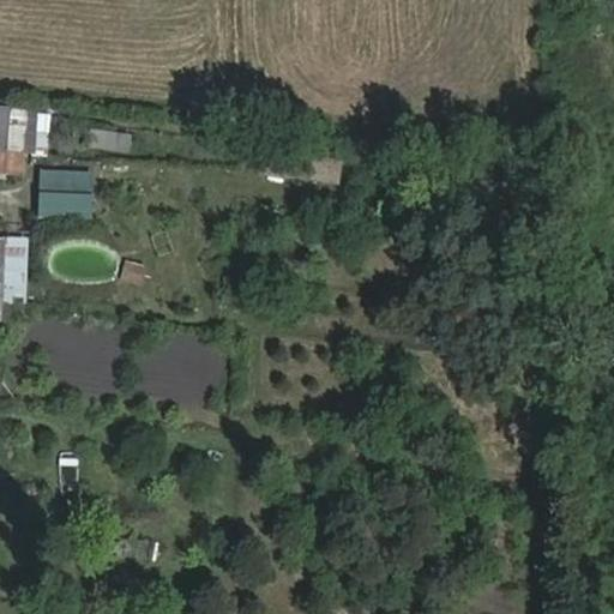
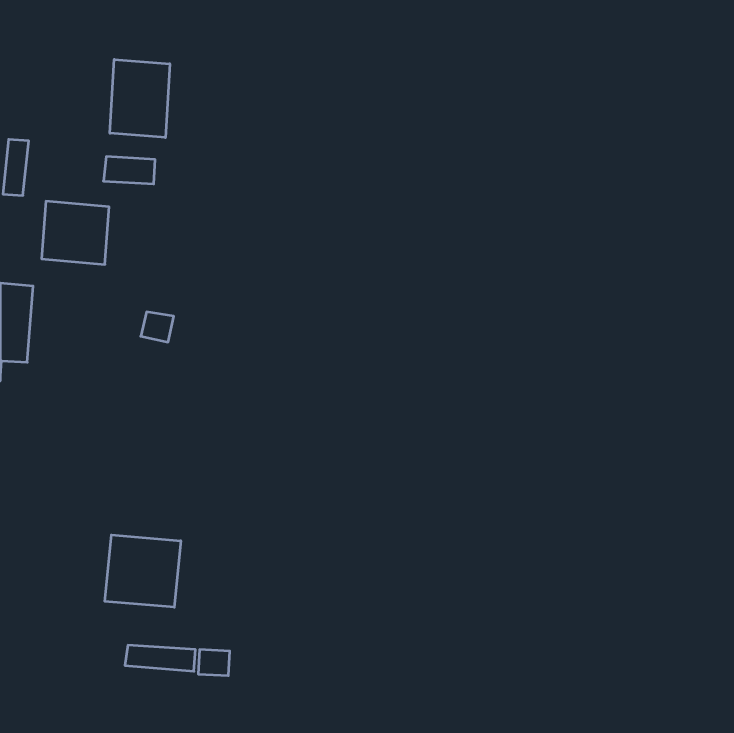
building: none -> [110,59,170,138]
building: none -> [105,535,181,607]

